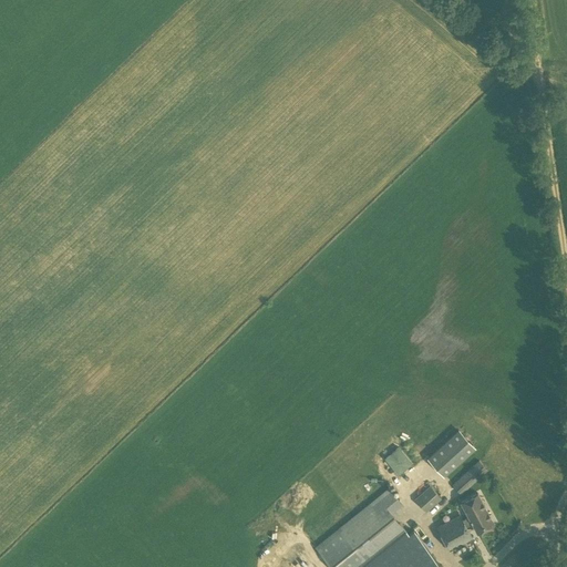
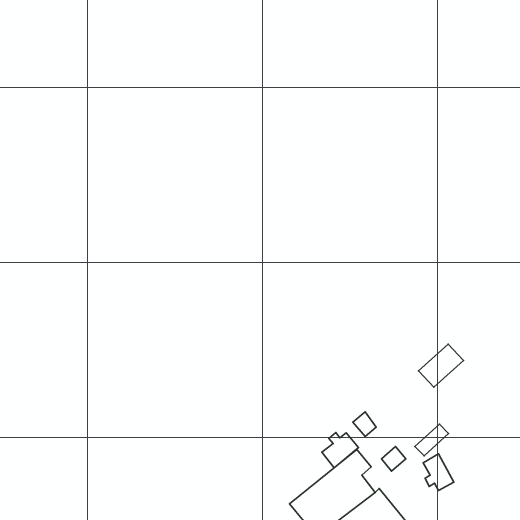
building: [426,431,475,477] -> [419,344,463,387]
building: none -> [322,432,358,468]
building: [436,516,472,551] -> none

